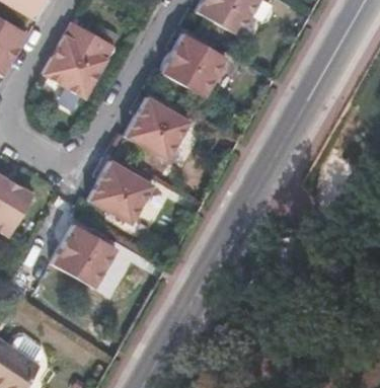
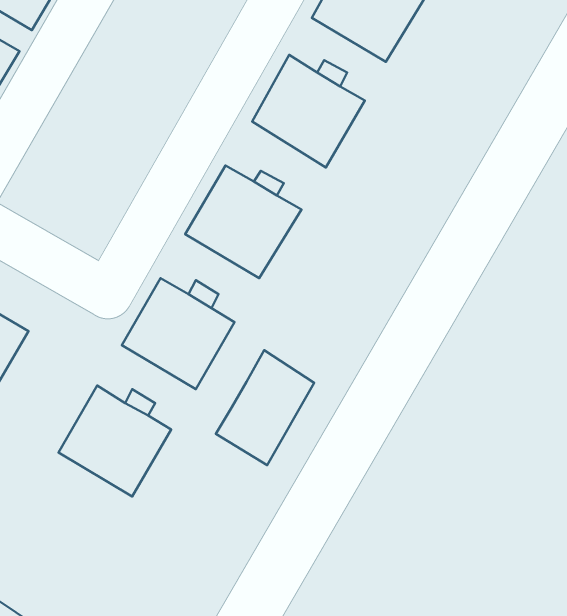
building: [46,18,120,96] -> none
building: none -> [216,350,314,465]

